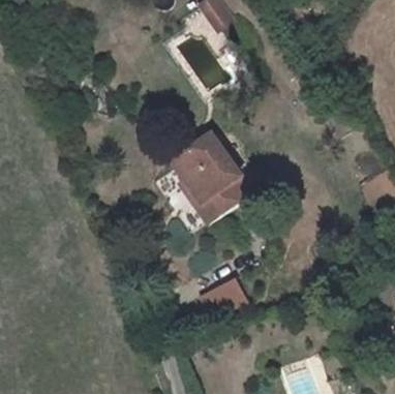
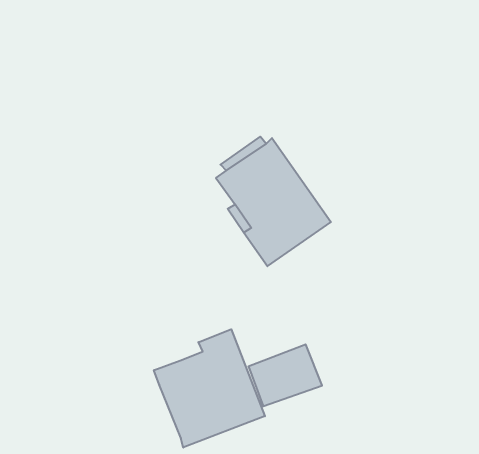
building: none -> [154,329,265,448]

